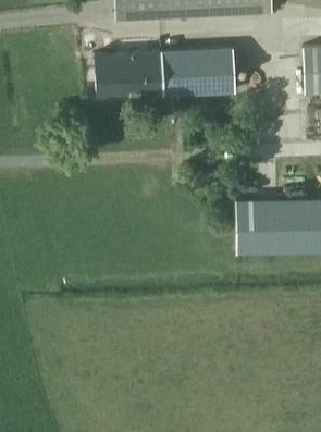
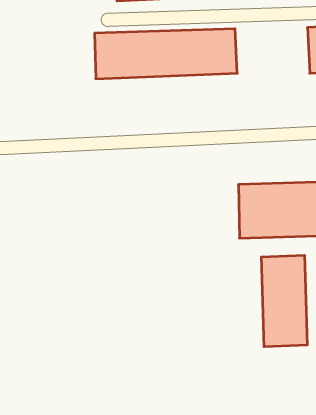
building: none -> [261,255,307,347]

